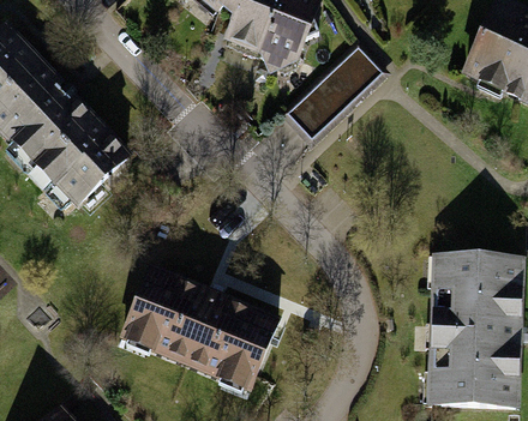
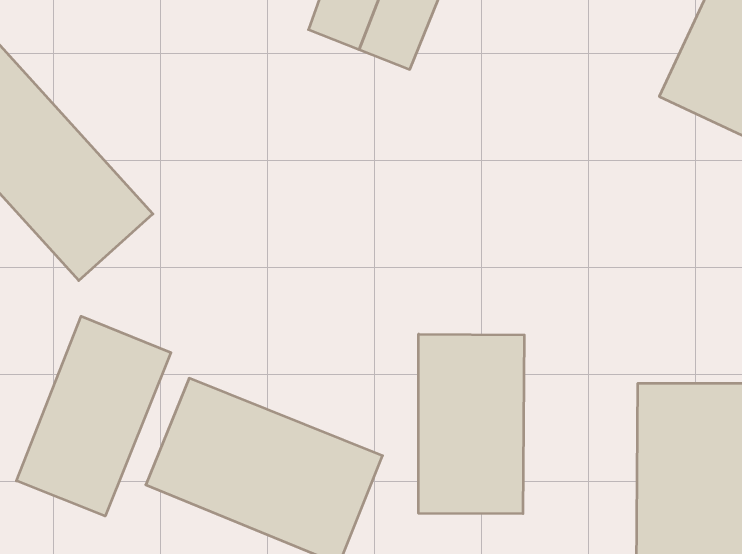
building: [282,41,383,139] -> none
building: none -> [16,316,171,516]
building: none -> [419,334,524,514]

